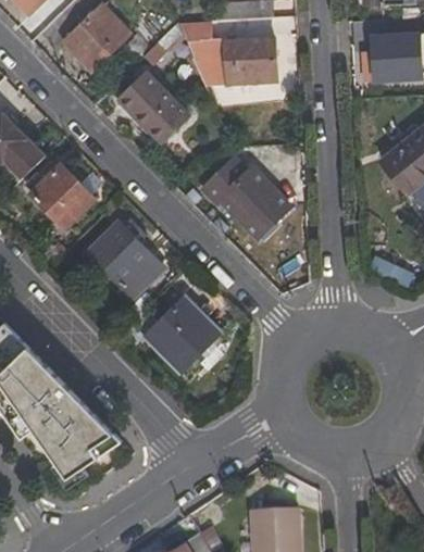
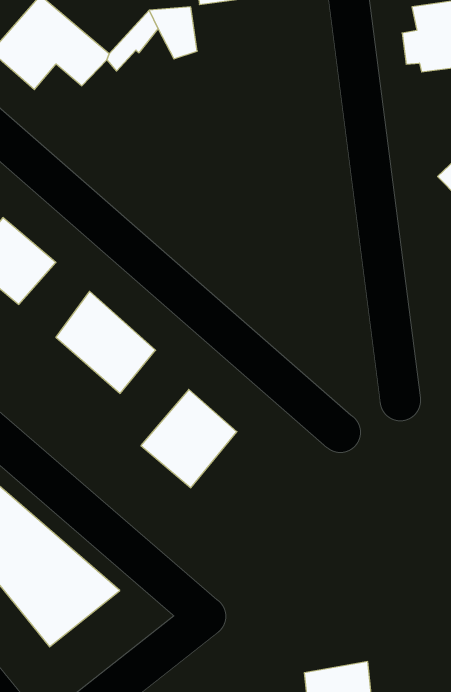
building: [224,37,276,84] -> none
building: [119,71,190,145] -> none
building: [201,158,291,239] -> none

